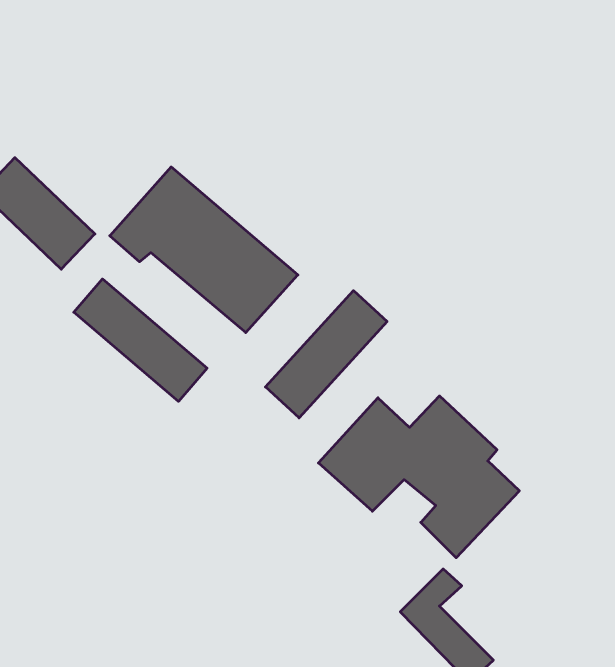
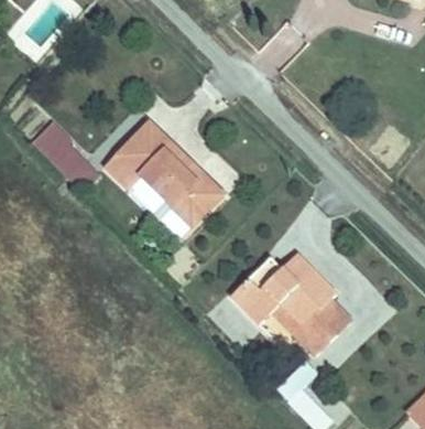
building: [74,279,207,401] -> none
building: [265,291,387,418] -> none

